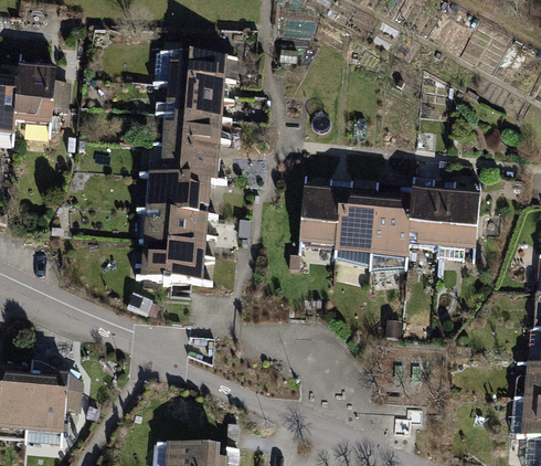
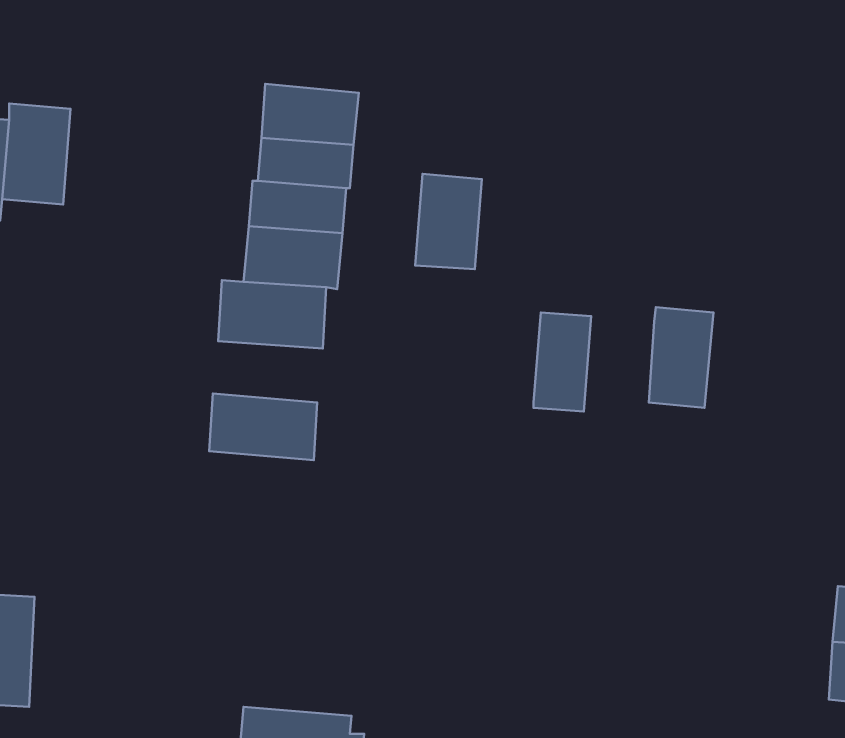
building: [299,189,340,247] -> [415,174,482,269]
building: [441,192,478,253] -> none
building: [367,194,410,256] -> none
building: [139,210,206,247] -> none
building: [26,367,70,435] -> none

